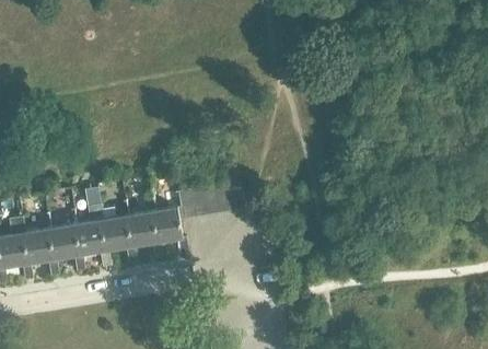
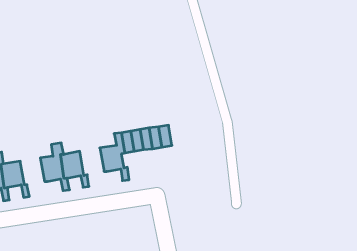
building: [123,212,161,259] -> none
building: [45,225,82,272] -> none

